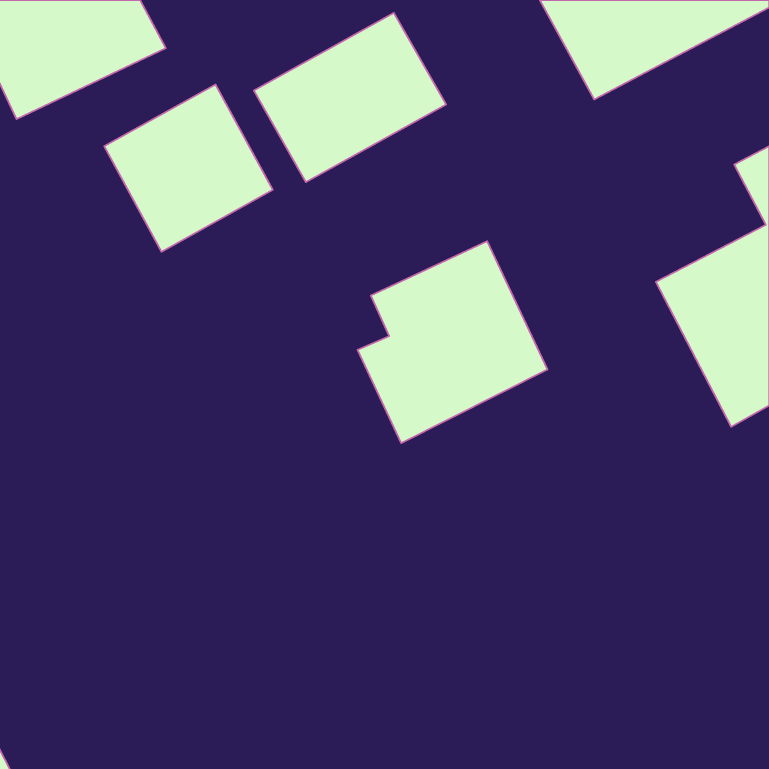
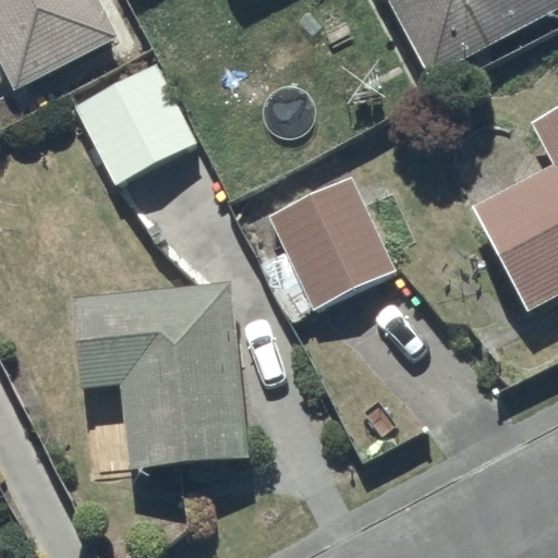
building: [254,13,446,182] -> none
building: none -> [73,282,250,469]

